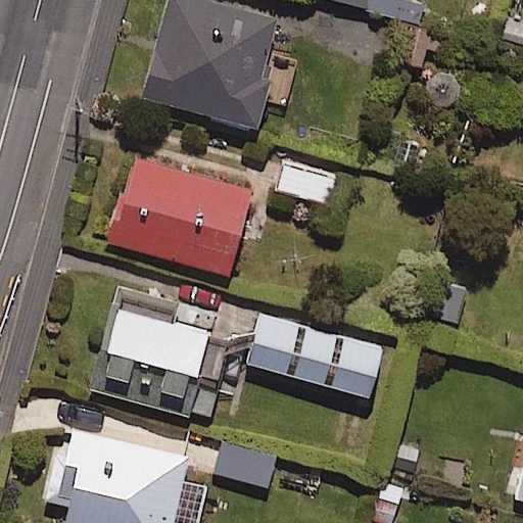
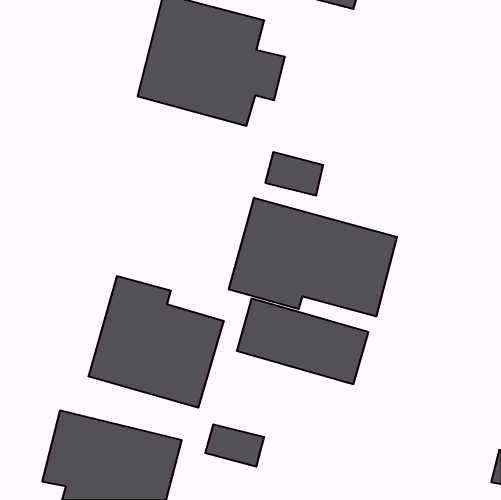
building: [109,157,252,275] -> none
building: none -> [229,198,397,317]

